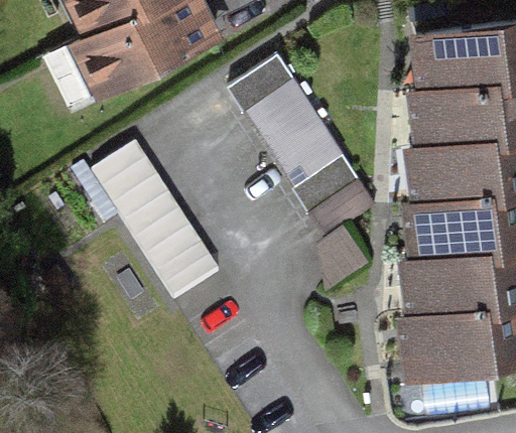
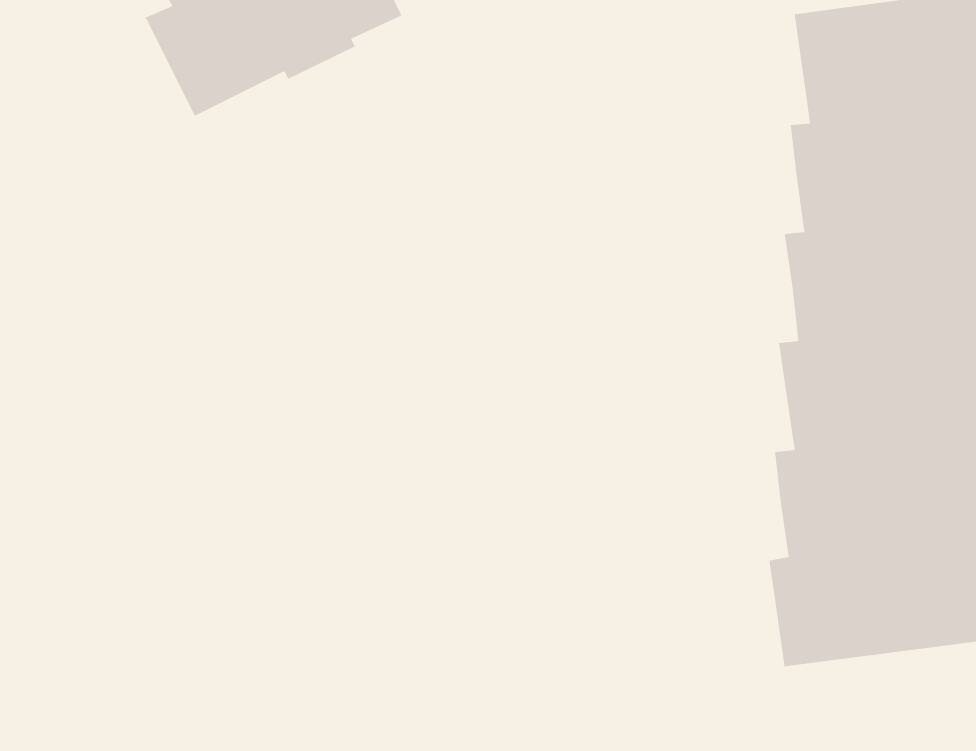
building: [225,55,372,239] -> none
building: [95,144,220,297] -> none

